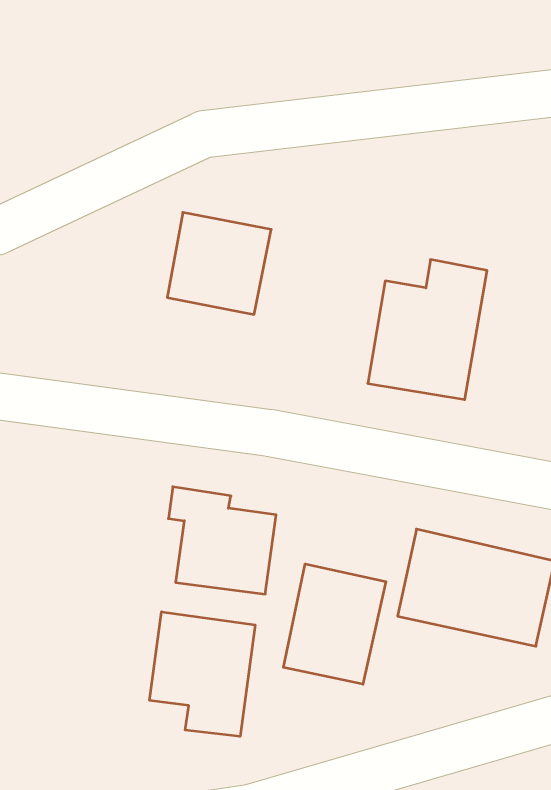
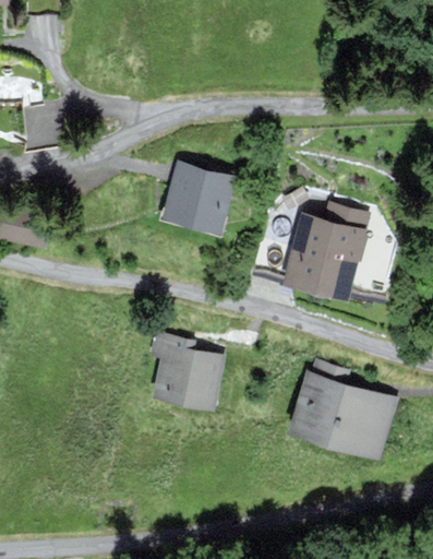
building: [283,564,386,684] -> none
building: [150,612,255,736] -> none

